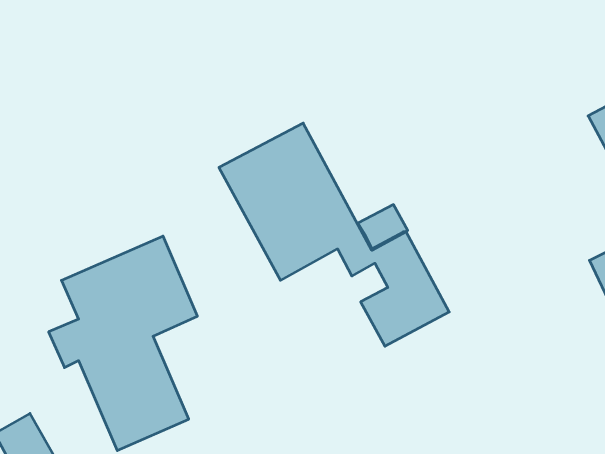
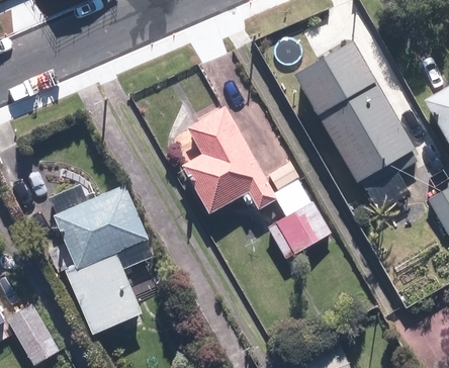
building: none -> [296,40,424,193]

